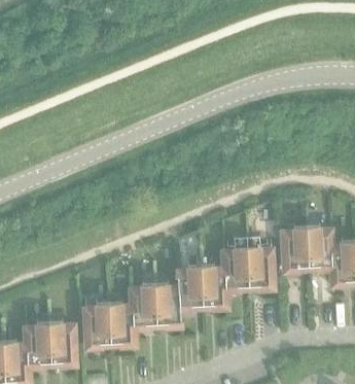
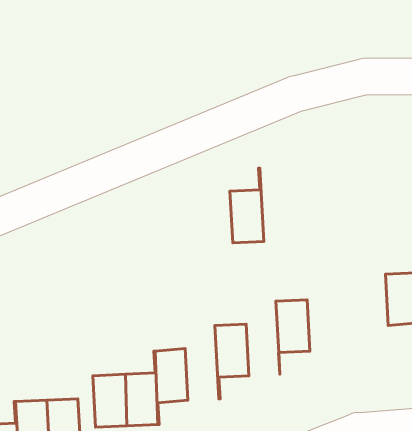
building: [281,229,308,269] -> none
building: [246,247,272,287] -> none
building: [200,249,225,306] -> [230,168,264,243]
building: [153,268,179,324] -> none

